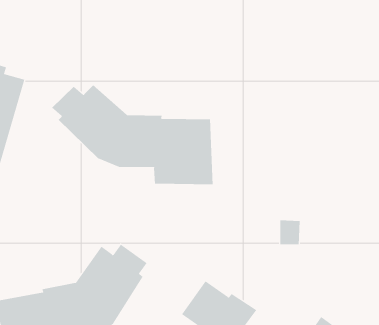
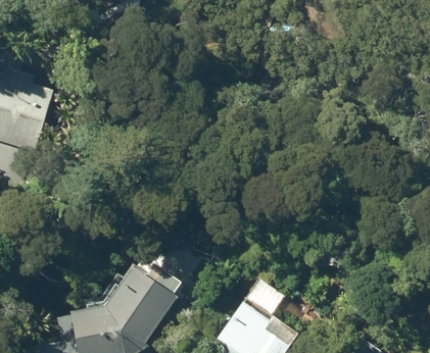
building: [51,84,213,185] -> none

